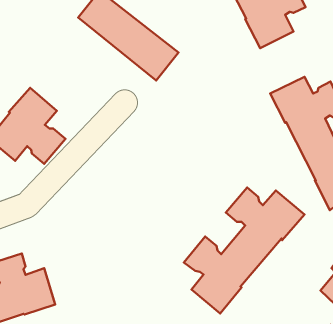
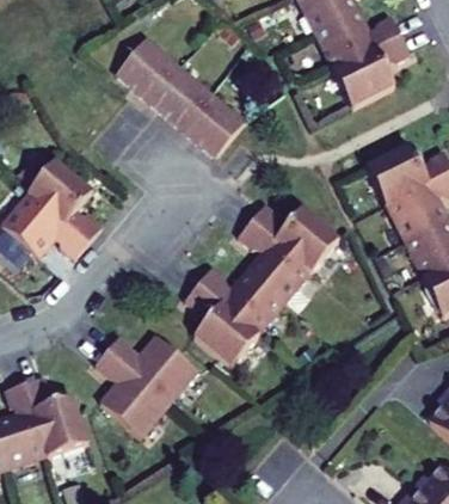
building: [184,188,305,313] -> [186,203,342,365]
building: none -> [97,334,199,437]

